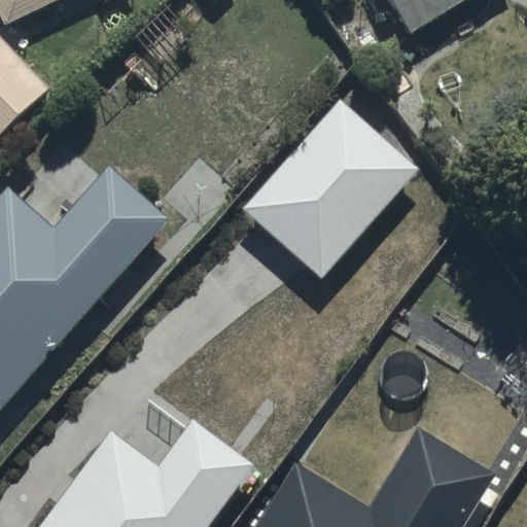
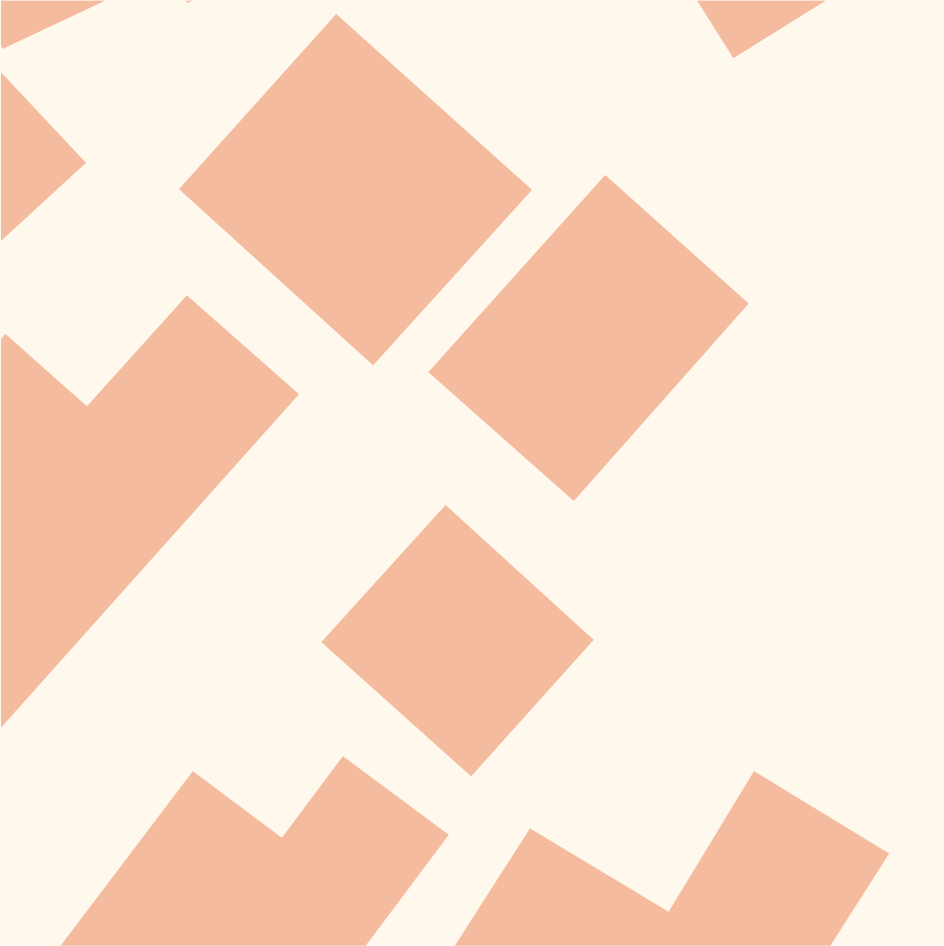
building: none -> [178,13,533,366]
building: none -> [321,504,594,777]

